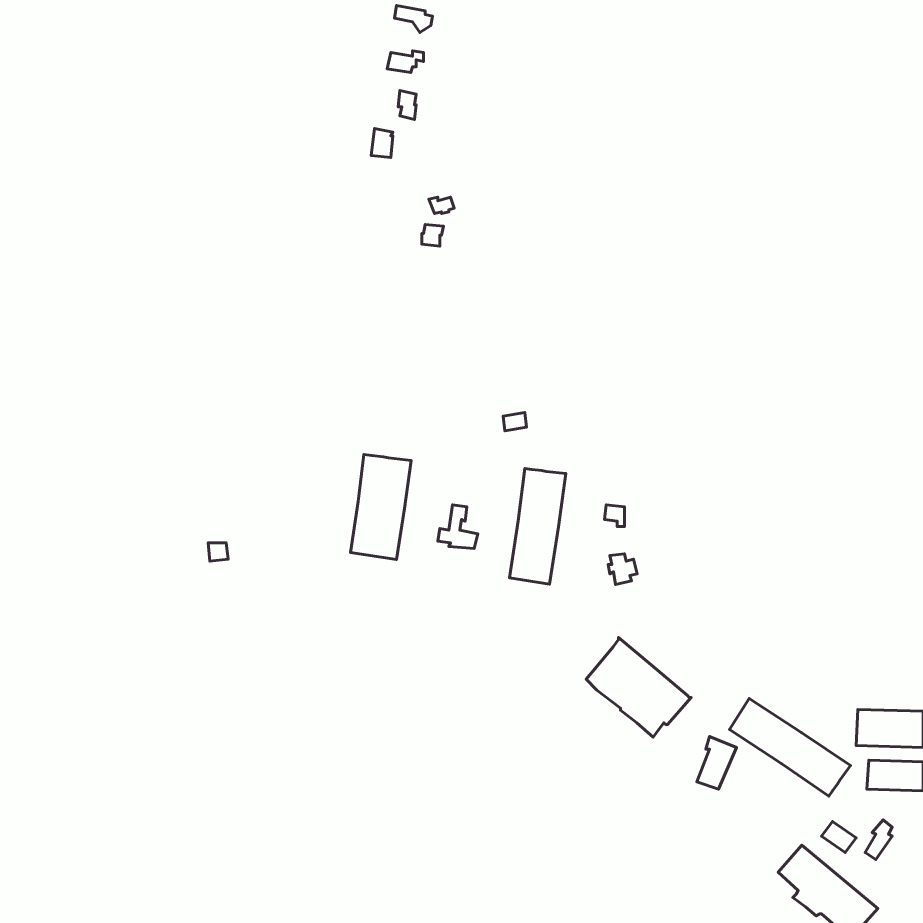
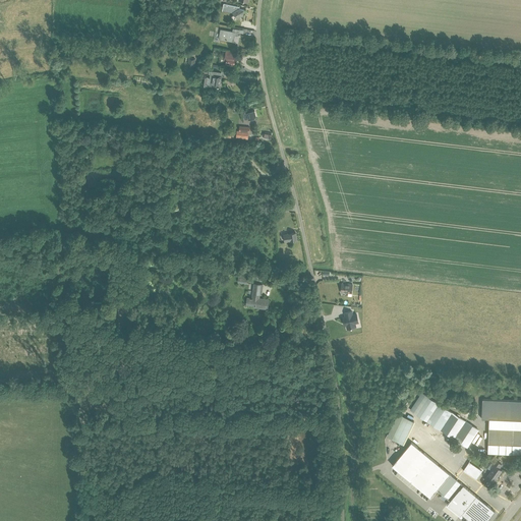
building: [350,454,411,560] -> none
building: [510,469,566,584] -> none
building: [586,638,691,737] -> [392,443,451,499]

